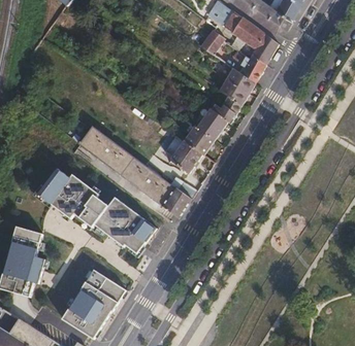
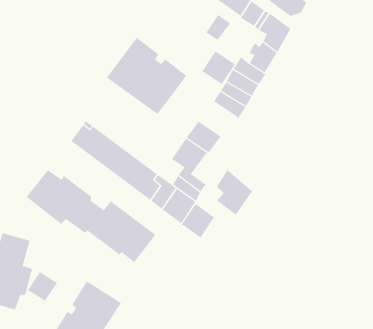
building: none -> [106,37,187,115]
building: [196,109,227,140] -> [201,51,236,85]
building: none -> [216,169,253,216]
building: none -> [181,203,215,239]
building: none -> [27,271,58,302]

